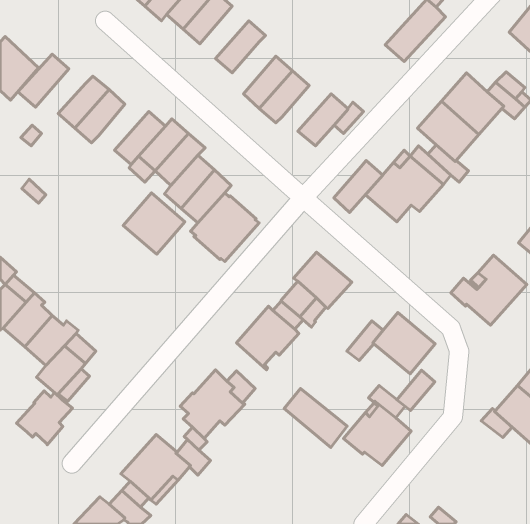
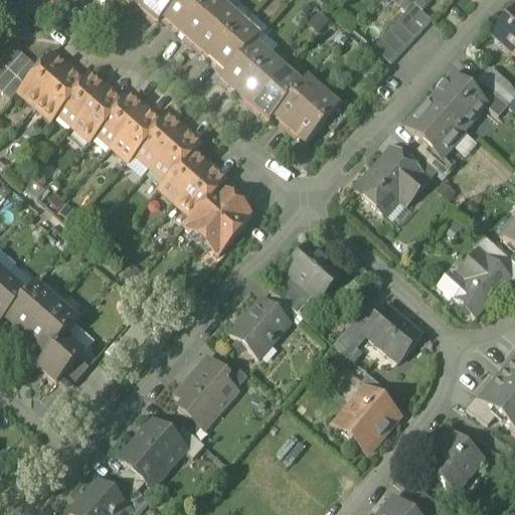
building: none -> [195,6,242,56]
building: none -> [221,40,269,91]
building: none -> [36,66,84,118]
building: none -> [98,94,146,145]
building: [334,160,383,213] -> [275,76,322,127]
building: [123,193,185,254] -> none
building: [397,370,435,410] -> none
building: [284,389,347,447] -> none
building: [16,391,73,445] -> none
building: none -> [423,430,482,488]

